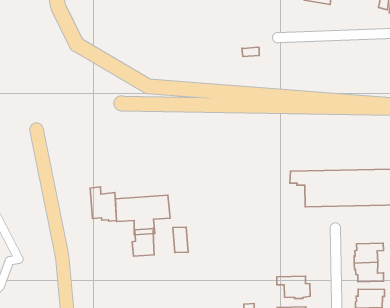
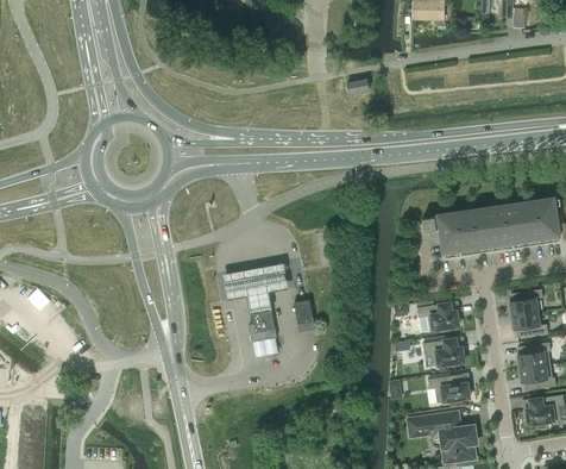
building: [90,187,116,221] -> none
building: none -> [416,301,458,331]

